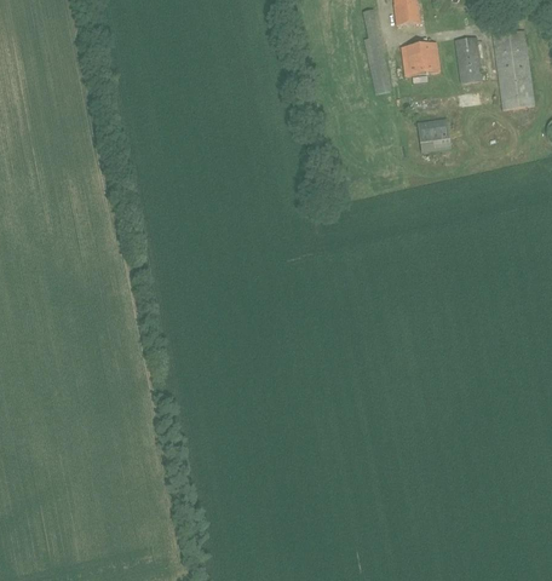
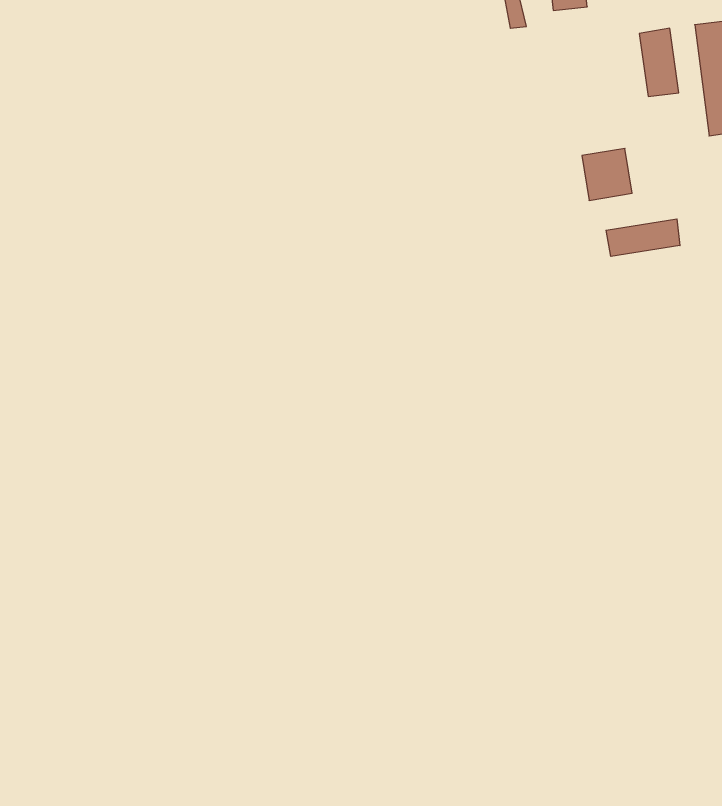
building: [403,42,438,75] -> none
building: none -> [606,219,680,256]

